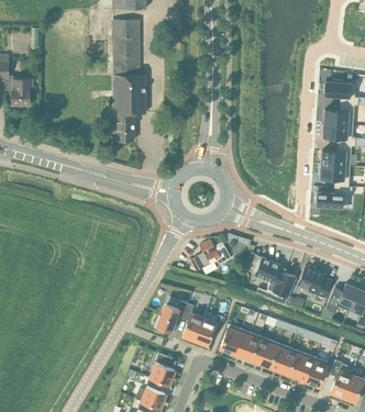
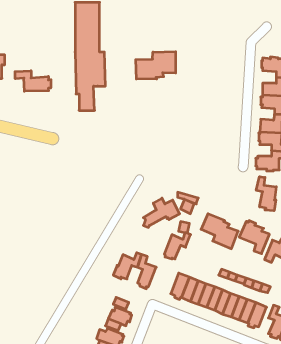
building: none -> [136,52,176,79]
building: none -> [15,71,51,91]
building: none -> [256,177,276,211]
building: [195,315,224,345] -> [164,233,191,259]

